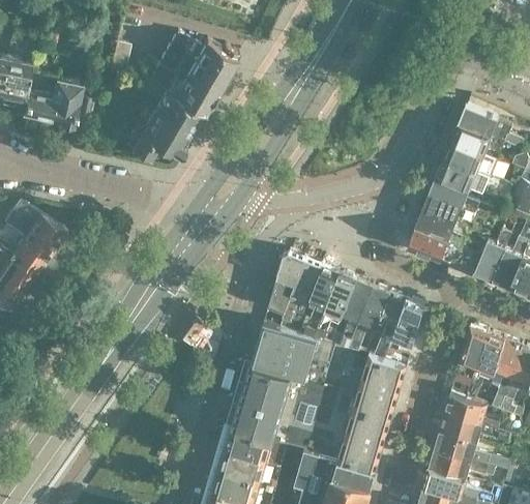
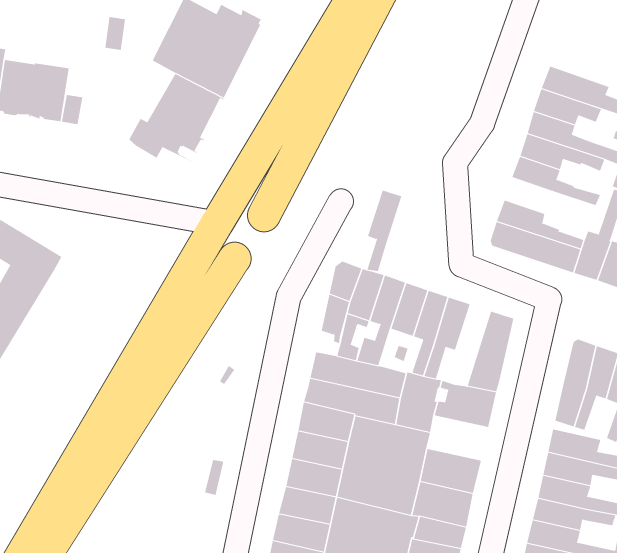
building: [421,194,494,229] -> none
building: [373,293,405,358] -> [367,190,402,272]
building: [347,380,398,418] -> none

